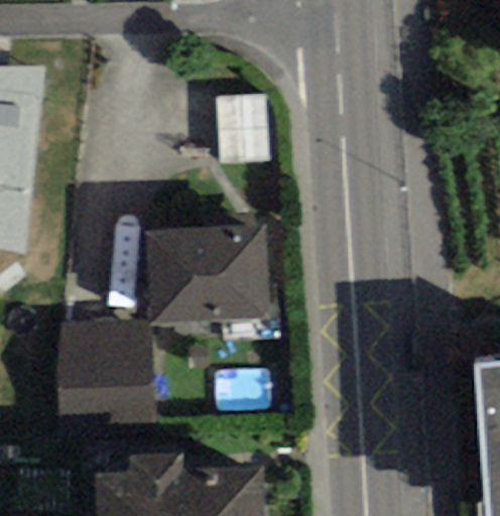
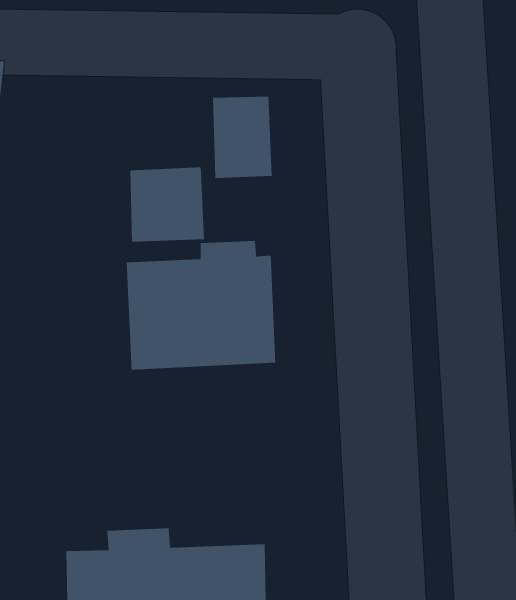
building: none -> [130,166,204,242]
building: [55,324,152,433] -> none

